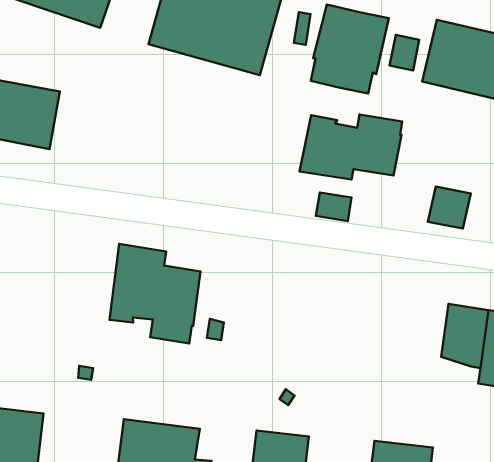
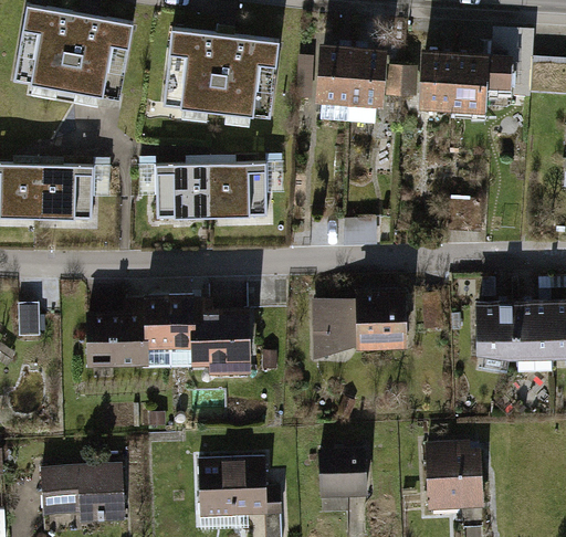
building: none -> [154,162,265,219]
building: [300,115,402,180] -> none
building: none -> [86,296,169,367]
building: none -> [313,292,405,357]

